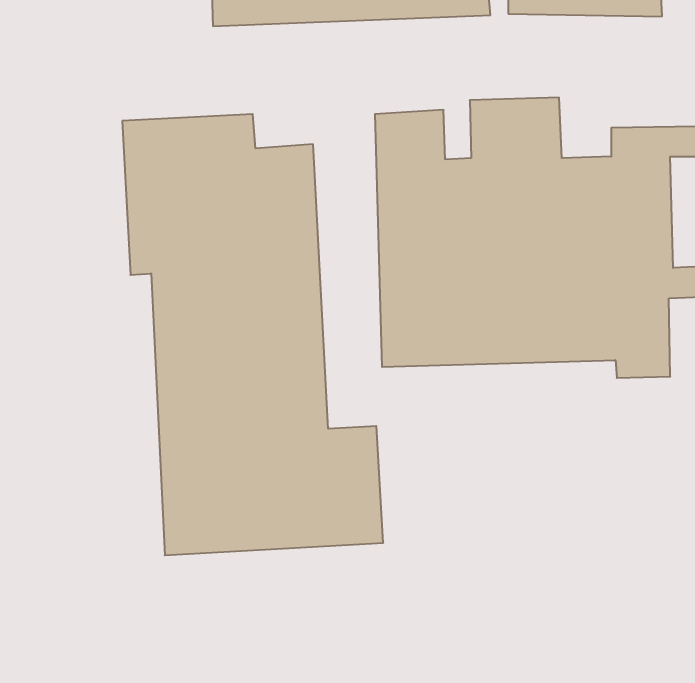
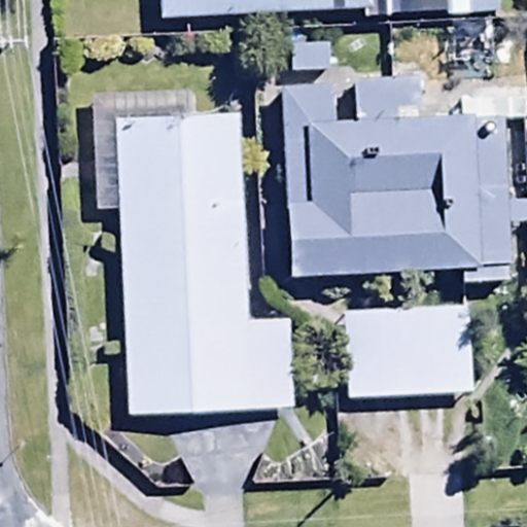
building: none -> [347,303,471,398]

